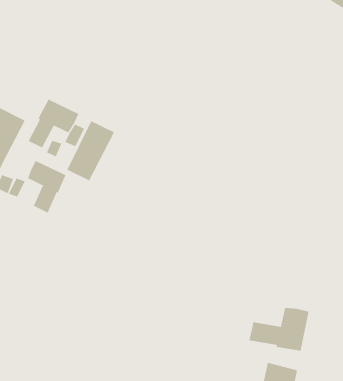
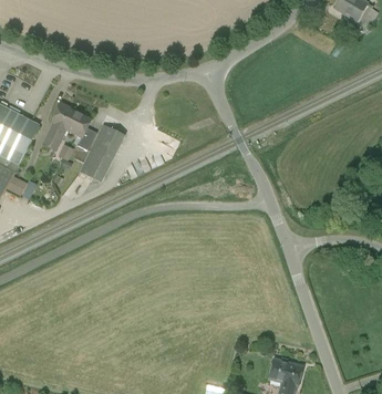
building: [28,160,66,214] -> none
building: [249,307,309,351] -> none

